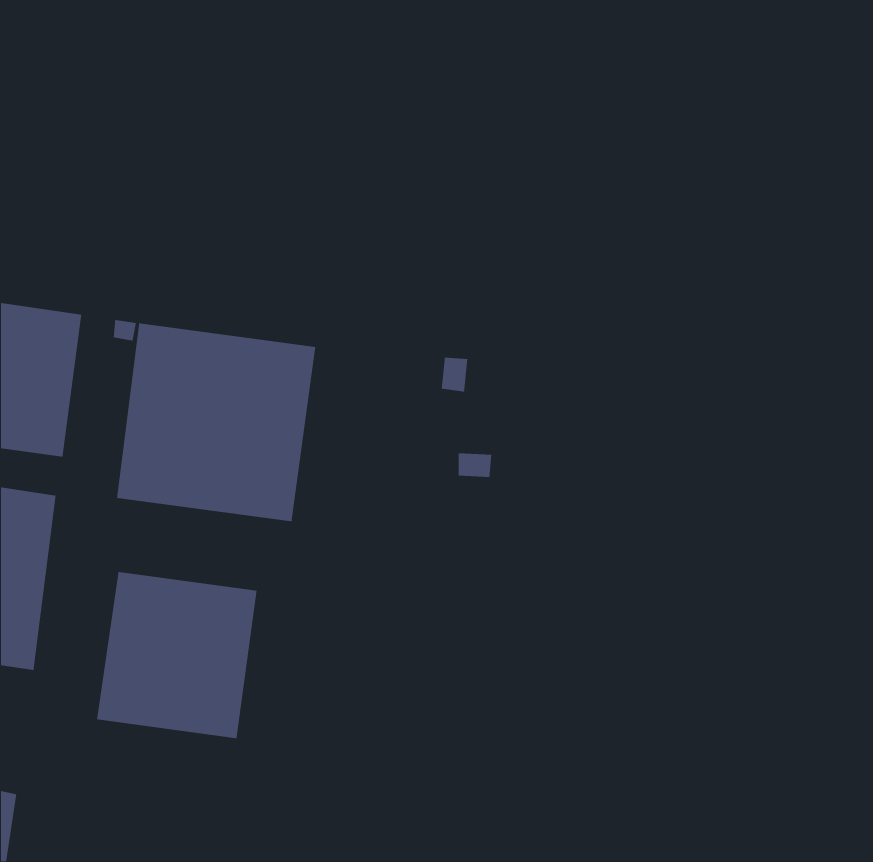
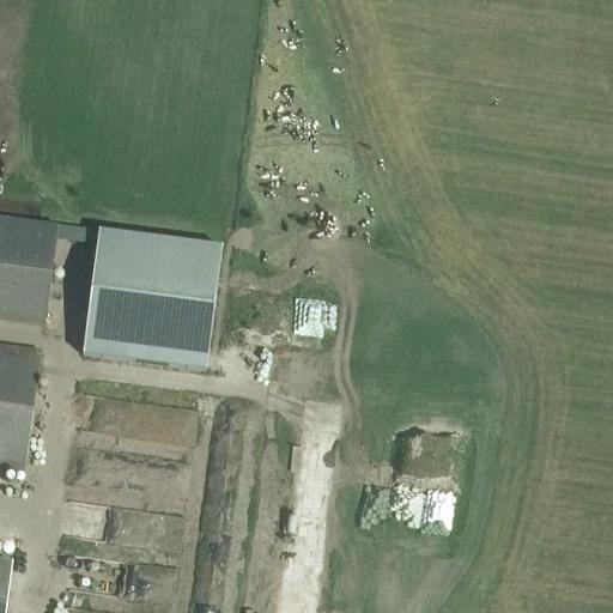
building: [96,571,257,739] -> none

